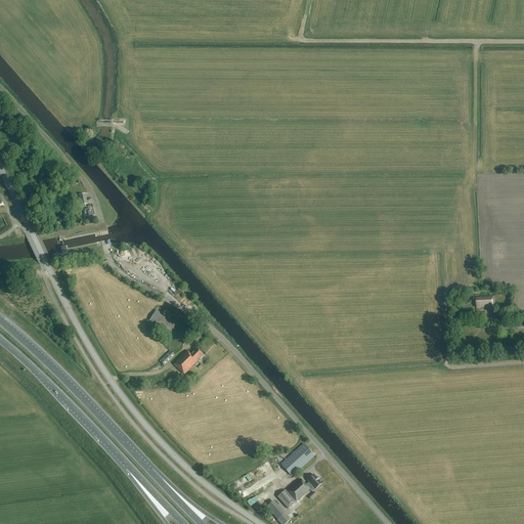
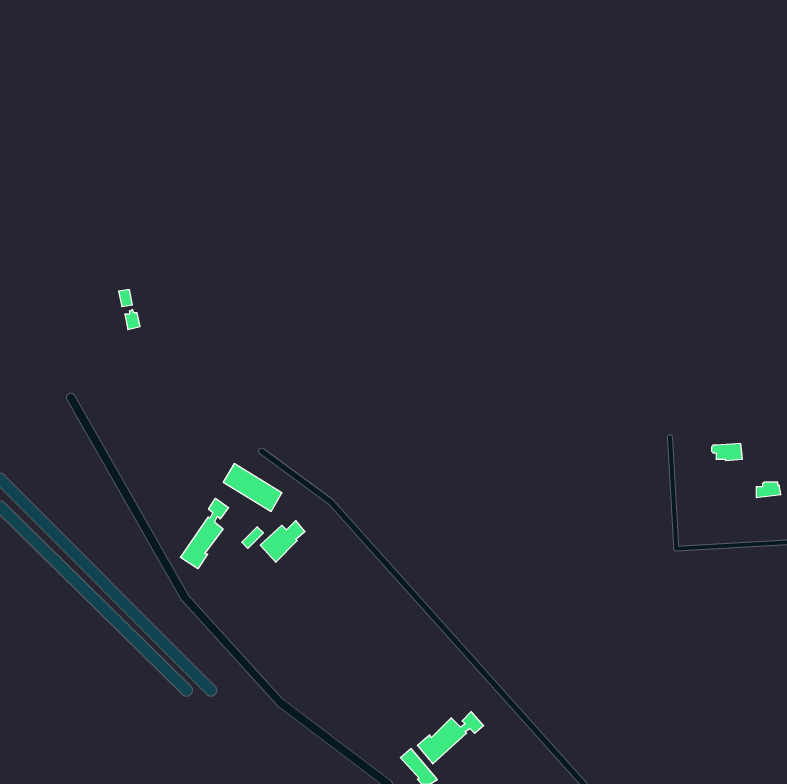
building: none -> [180,498,229,569]
building: [280,442,314,475] -> none

